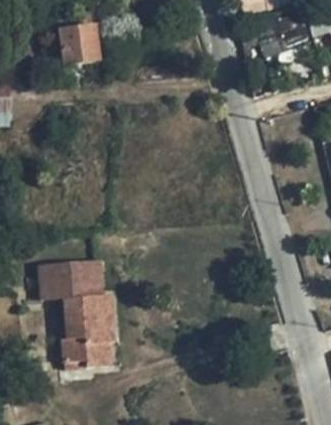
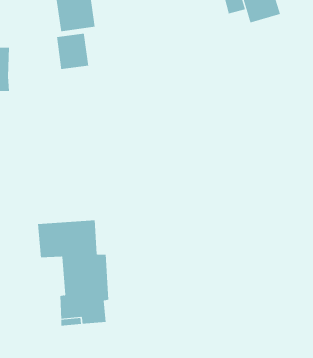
building: none -> [56,33,89,70]

